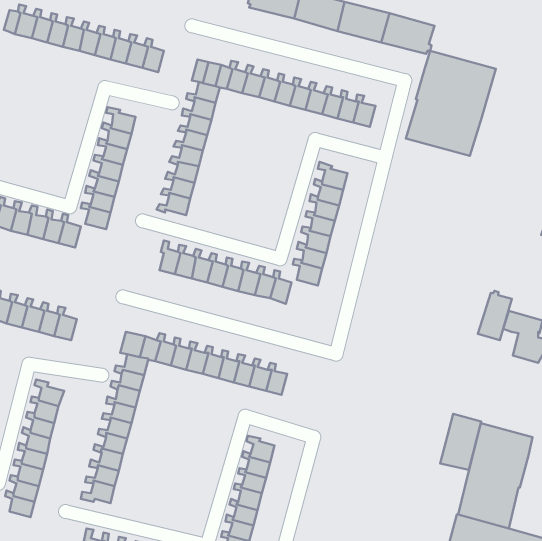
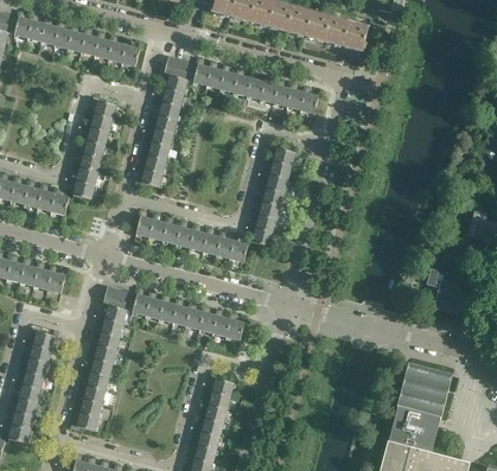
building: [406,51,496,156] -> none
building: [478,291,512,340] -> none
building: [440,414,481,470] -> none

